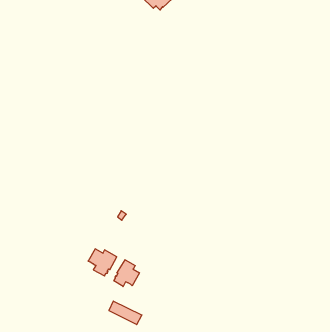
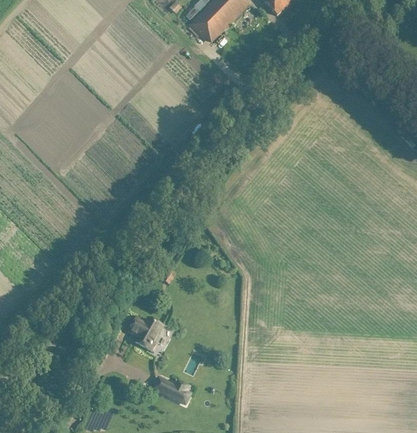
building: [114,260,139,287] -> none

